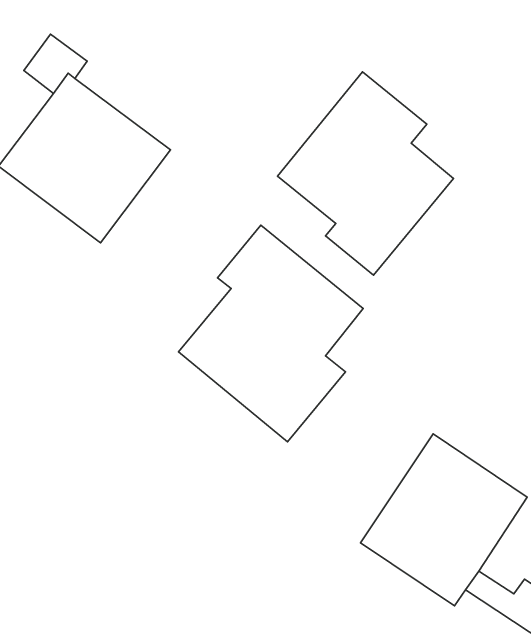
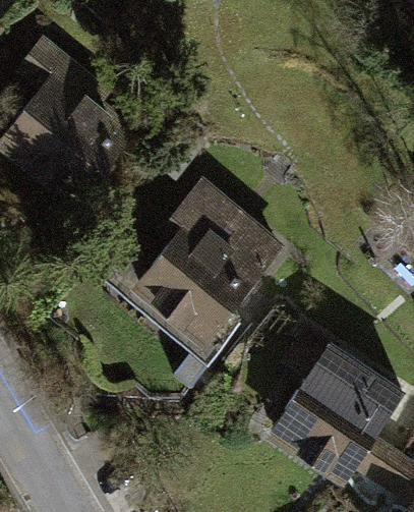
building: [278,72,453,275] -> none

